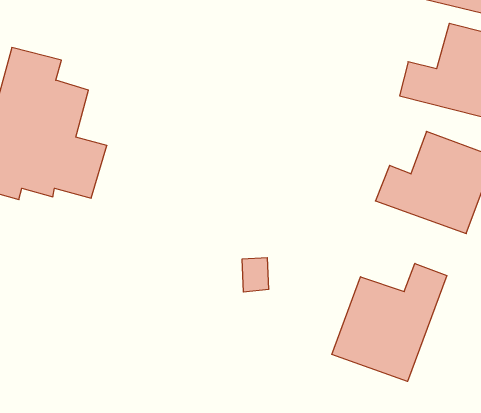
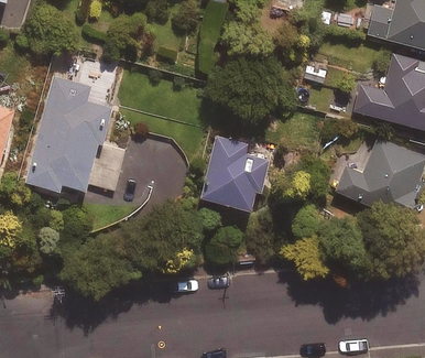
building: none -> [201,138,271,210]
building: [332,263,447,381] -> none

